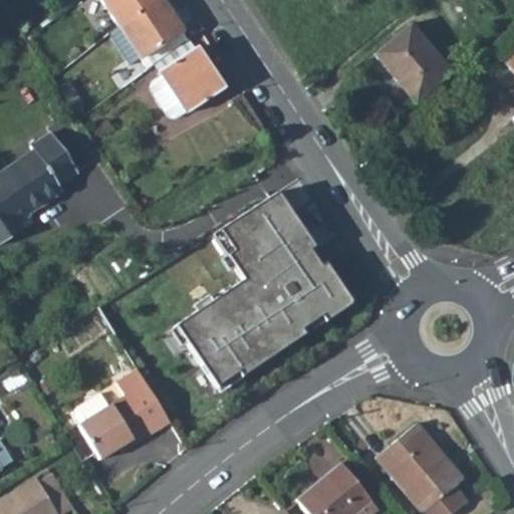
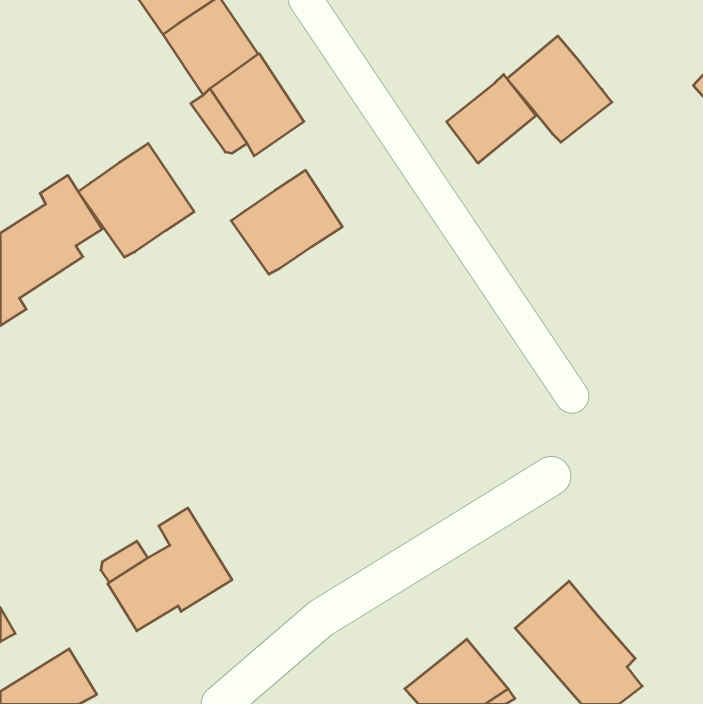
building: none -> [447,74,536,163]
building: none -> [78,143,194,257]
building: none -> [231,170,342,274]
building: [181,195,353,391] -> none

